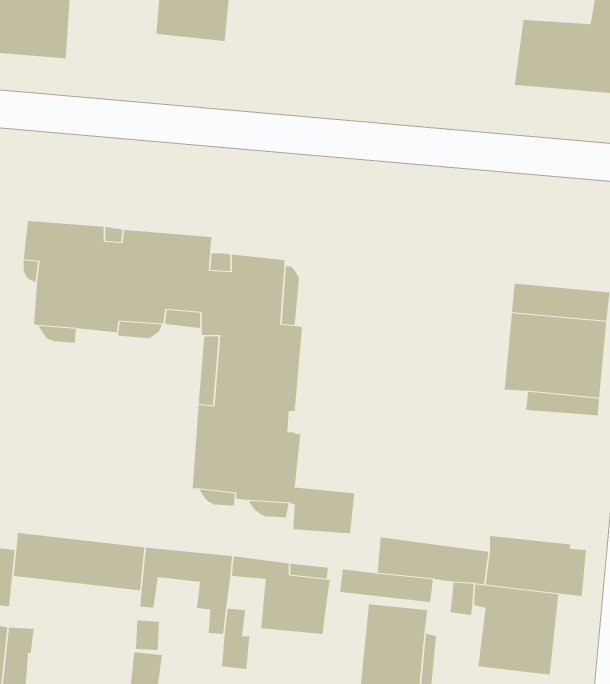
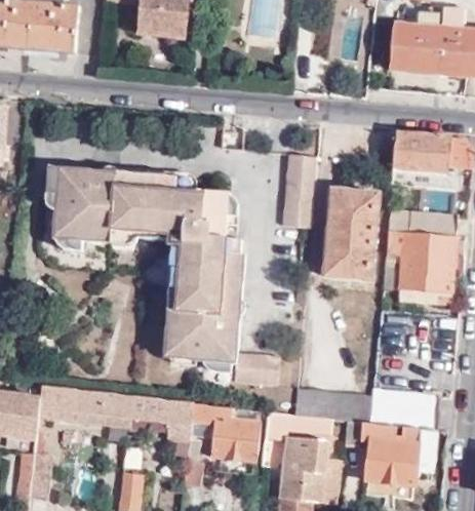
building: none -> [394,132,451,173]
building: none -> [282,155,318,228]
building: none -> [325,191,380,280]

